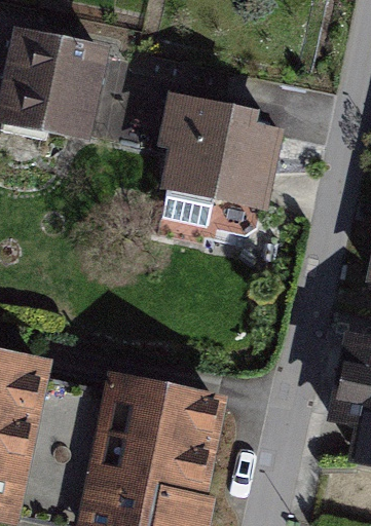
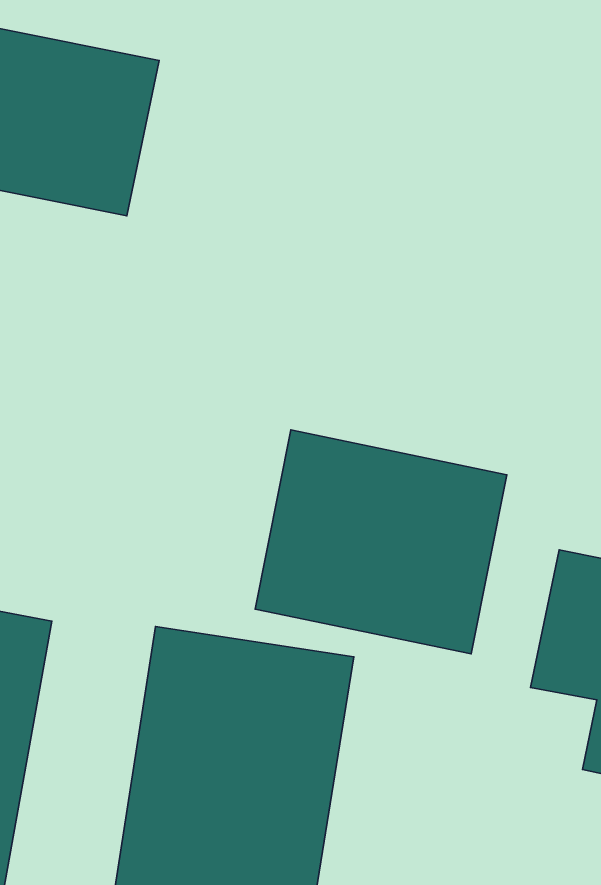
building: [141,100,277,218] -> none
building: none -> [255,430,507,654]

